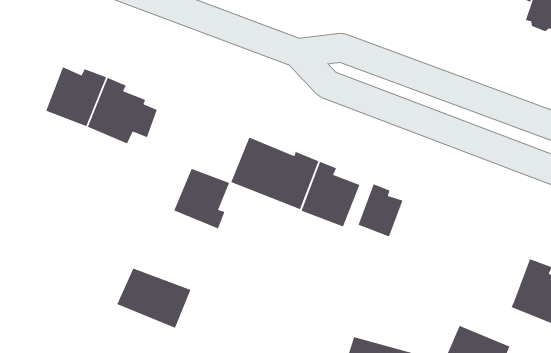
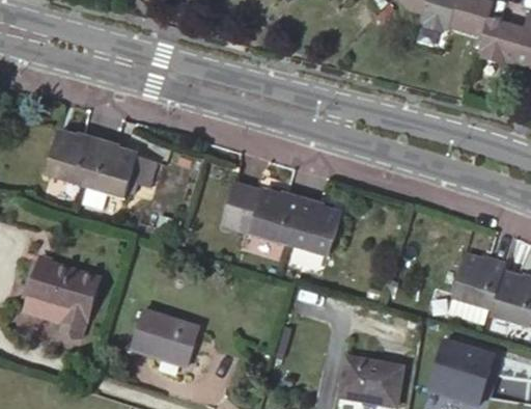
building: [173,168,230,230] -> none
building: [358,183,404,237] -> none
building: none -> [25,258,96,331]
building: none -> [449,260,505,327]

